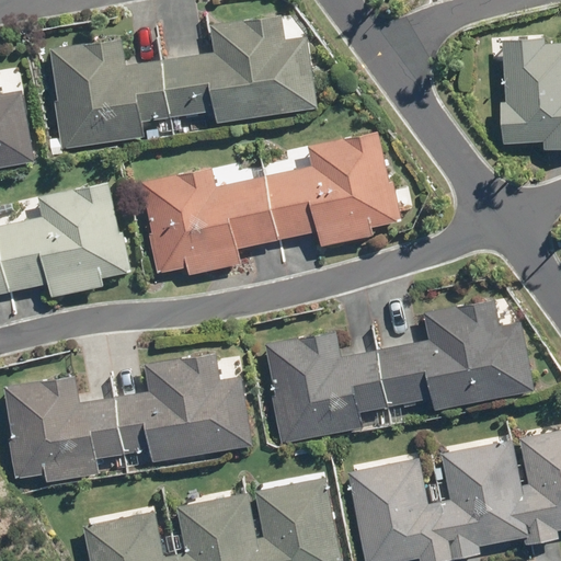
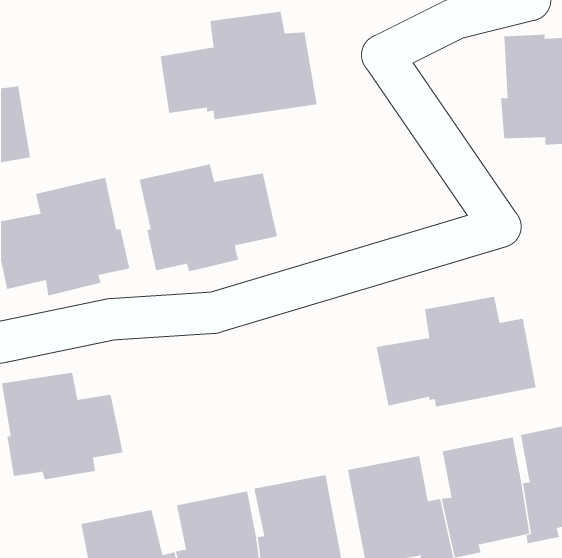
building: [49,38,169,150] -> none
building: [263,131,400,245] -> none
building: [264,331,387,445] -> none
building: [112,353,251,461] -> none

